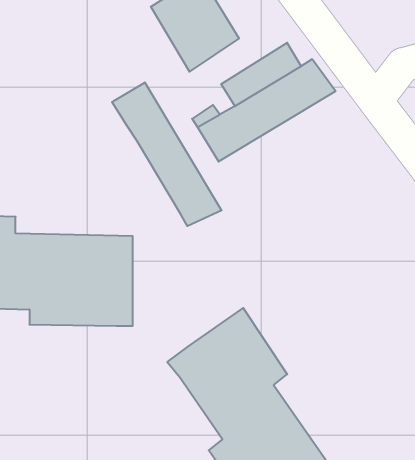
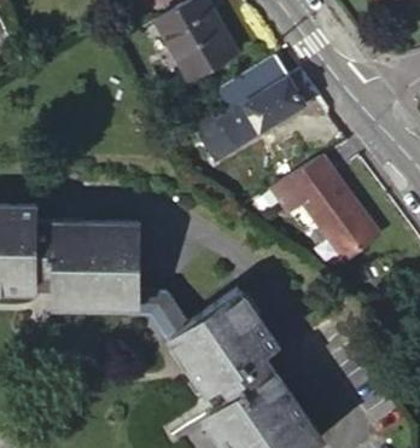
building: [112,82,222,226] -> none
building: none -> [269,157,378,260]
building: none -> [127,287,189,353]

